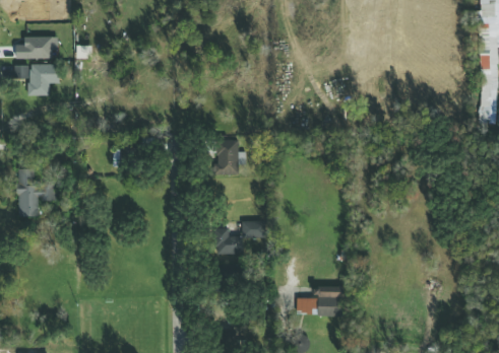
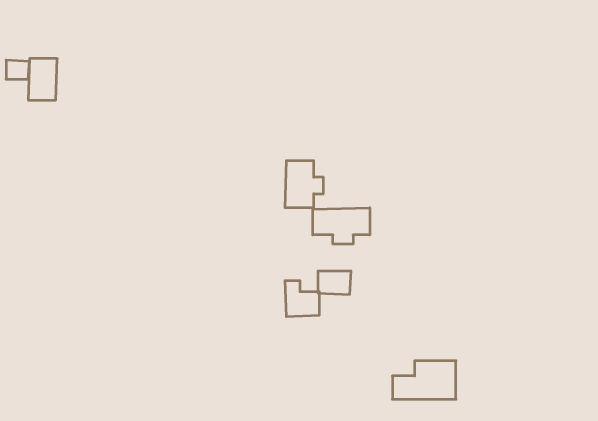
building: [16,36,58,58] -> none
building: [17,168,57,216] -> none
building: none -> [313,208,370,244]

